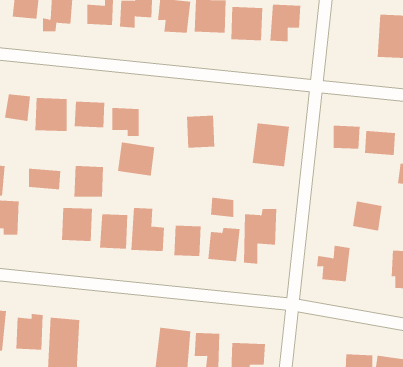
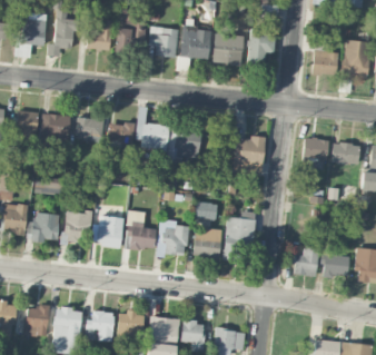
building: none -> [311,43,339,77]
building: [117,142,155,176] -> [137,121,170,151]
building: [74,166,104,197] -> [32,213,59,240]
building: [352,201,383,231] -> [323,253,349,279]
building: none -> [86,310,113,341]
building: none -> [118,310,144,341]

